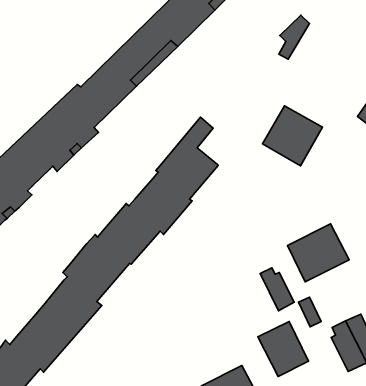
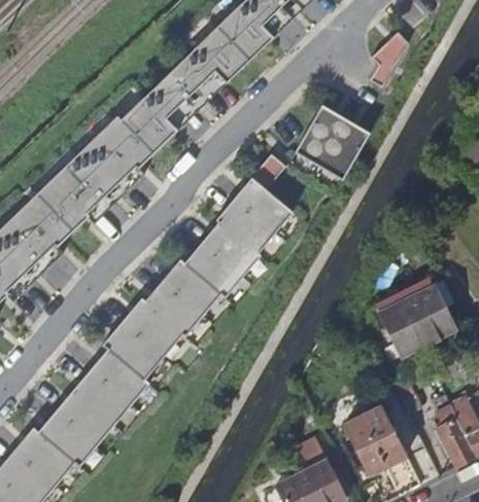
building: [262,106,322,166] -> [290,103,364,176]
building: [260,268,294,311] -> none

